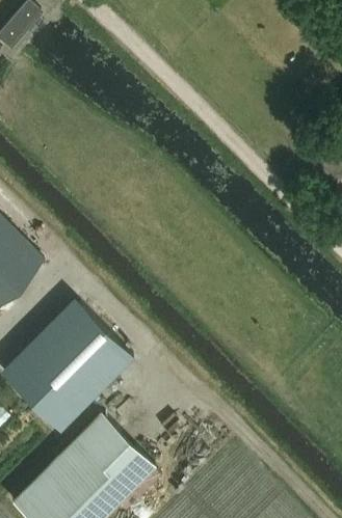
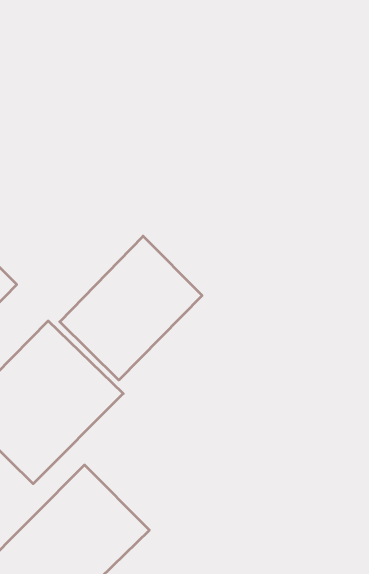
building: none -> [60,236,202,380]

